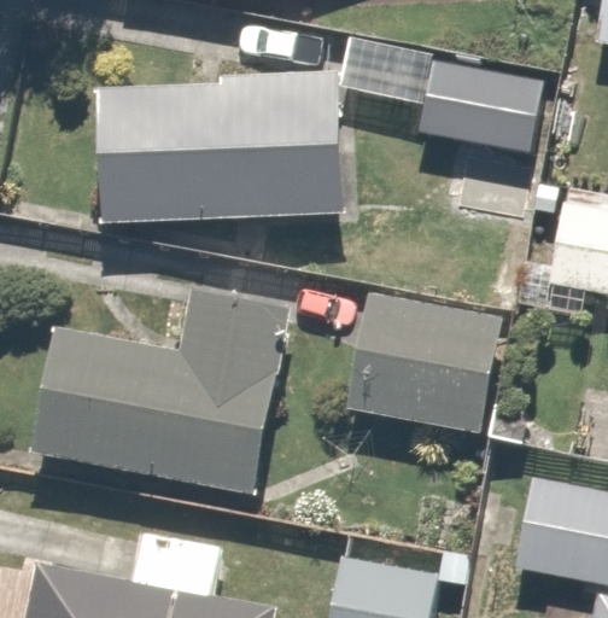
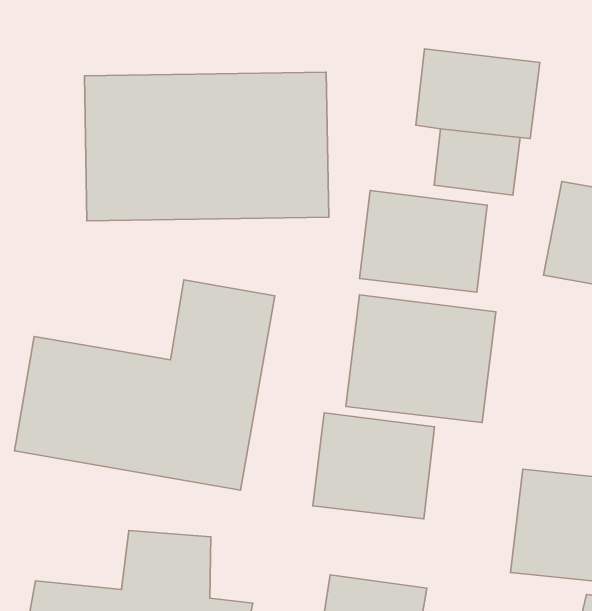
building: none -> [360,190,487,292]
building: none -> [313,413,435,519]

